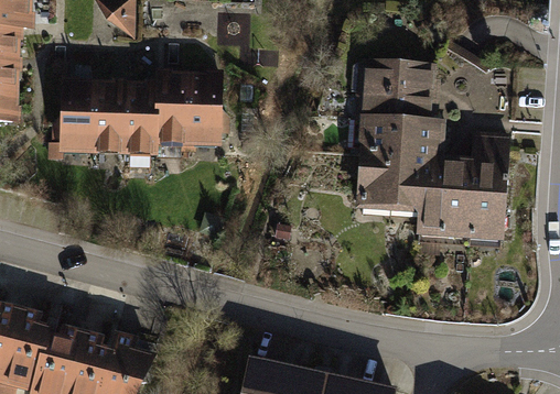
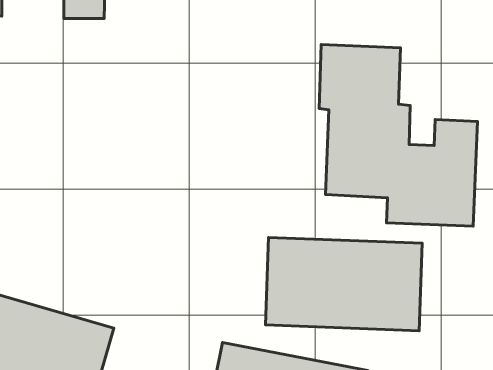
building: [60,70,220,153] -> none
building: none -> [266,237,422,331]

